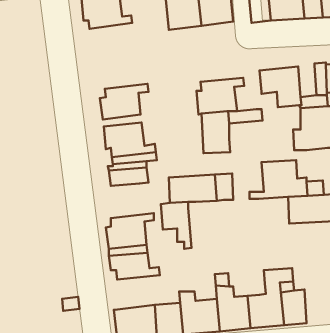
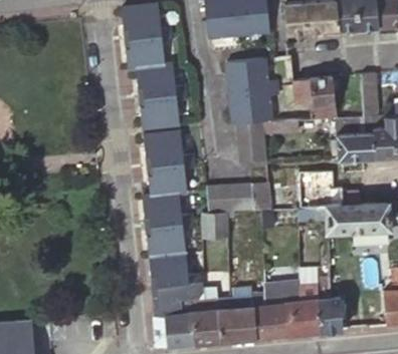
building: none -> [124,35,171,60]
building: none -> [229,60,279,93]
building: none -> [134,66,185,100]
building: none -> [140,194,191,228]
building: none -> [150,283,203,318]

